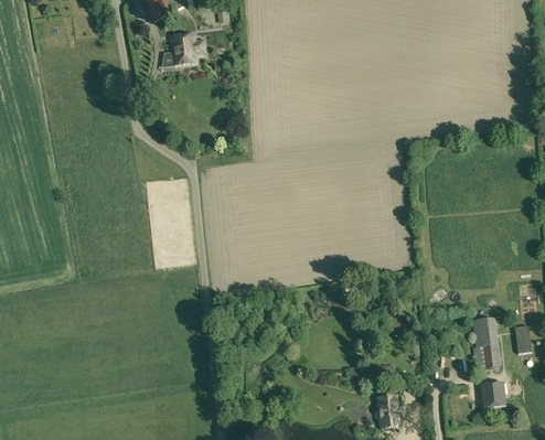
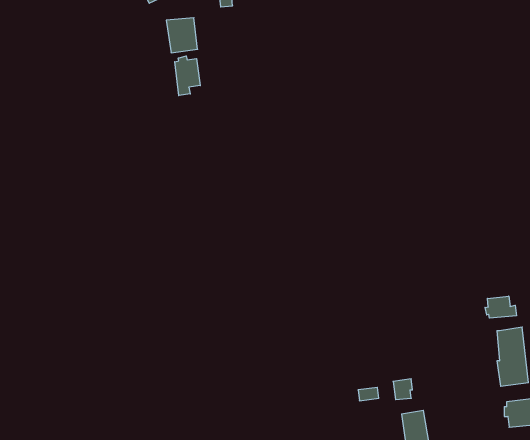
building: none -> [175,56,200,96]
building: none -> [485,296,516,318]

